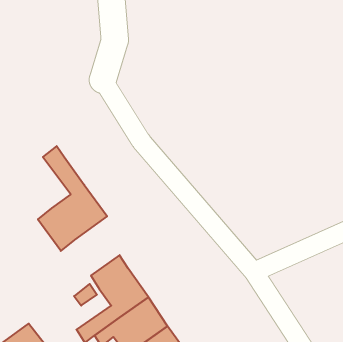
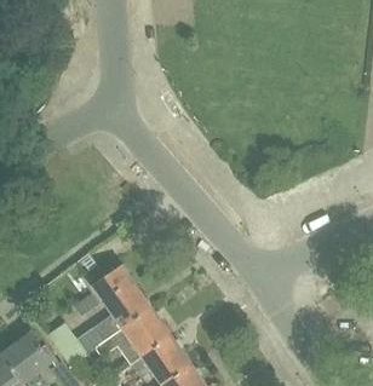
building: [38,146,107,251] -> none

